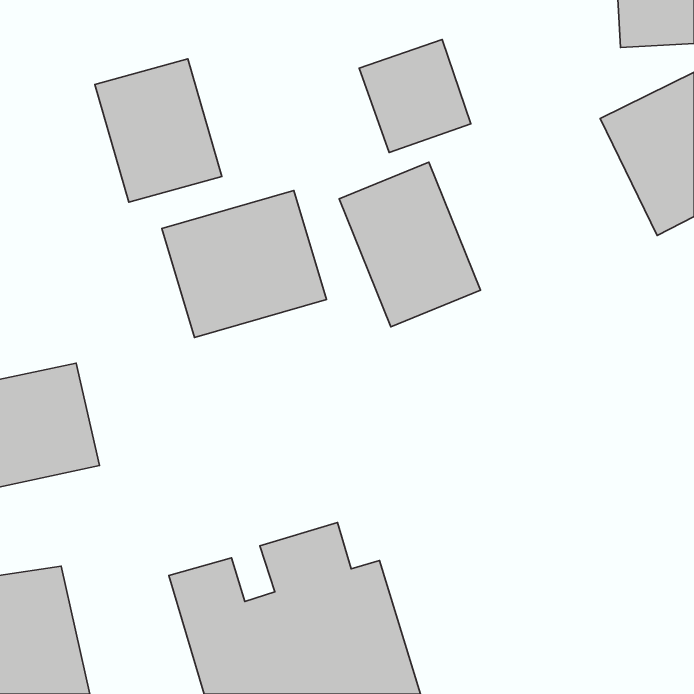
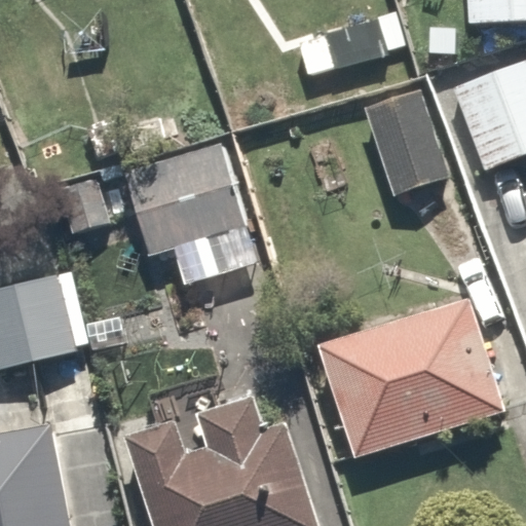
building: [95,59,222,202] -> none
building: [339,162,481,327] -> [360,78,466,202]
building: none -> [321,311,516,465]

